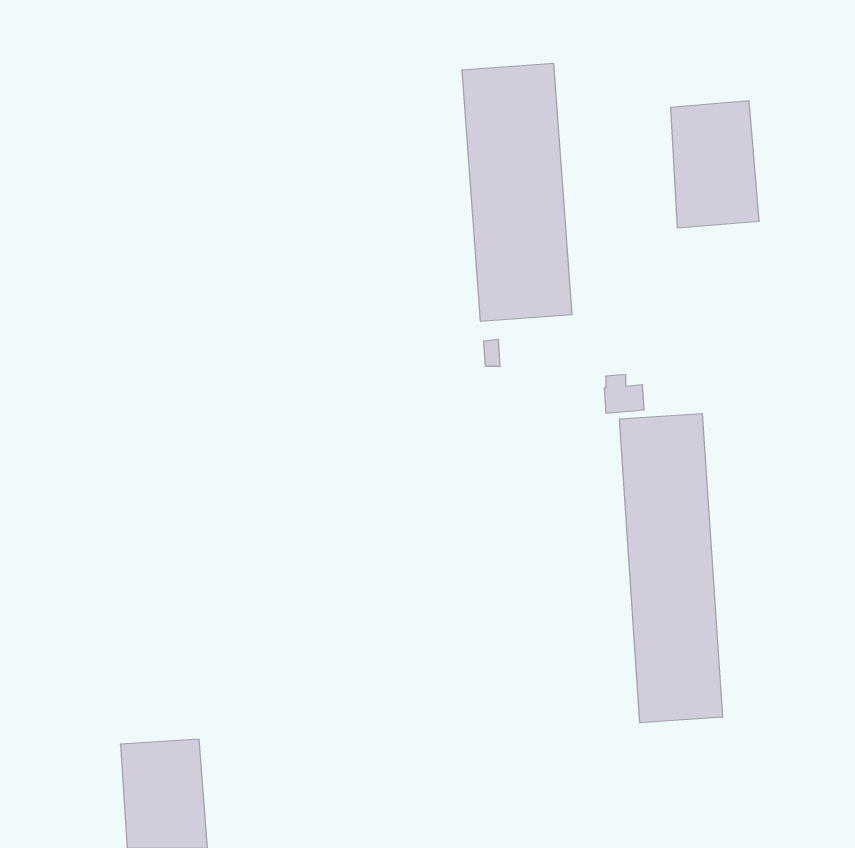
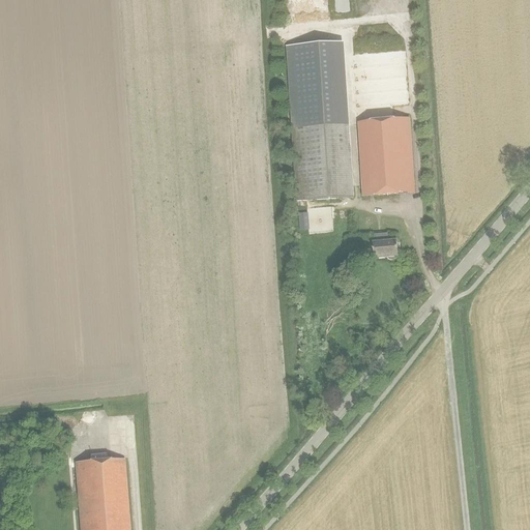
building: [671,101,759,228] -> [359,116,414,195]
building: [619,413,722,723] -> none

